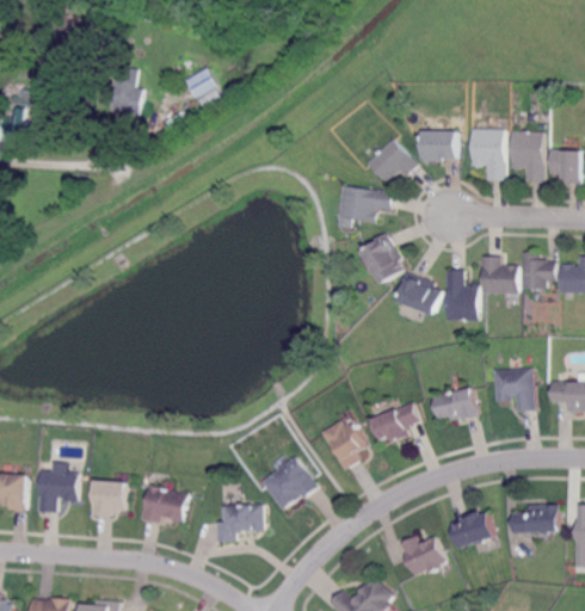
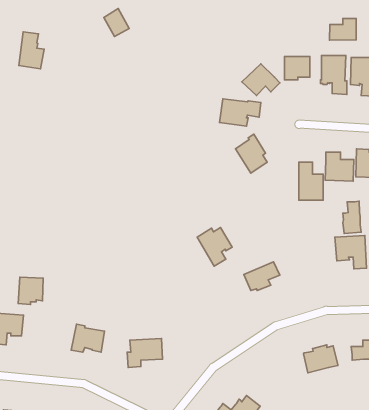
building: [110,67,143,116] -> [19,32,44,69]
building: none -> [329,19,356,40]
building: [395,273,439,316] -> none
building: none -> [343,201,361,233]
building: [431,385,476,420] -> none
building: [320,420,367,471] -> [197,227,232,266]
building: [261,456,316,507] -> none
building: [93,480,127,516] -> [18,277,43,304]
building: [400,536,445,574] -> none

